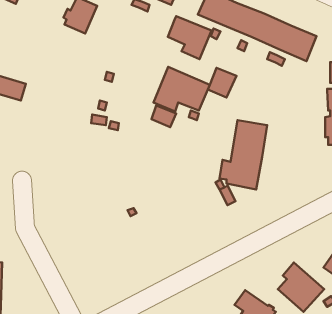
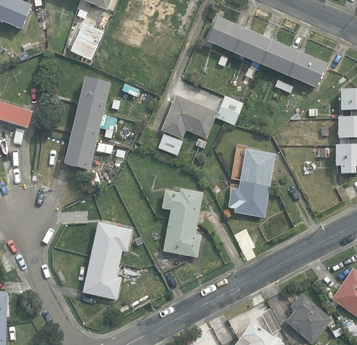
building: [168,16,212,59] -> none
building: none -> [62,77,110,170]
building: none -> [161,188,203,257]
building: none -> [82,222,132,300]

